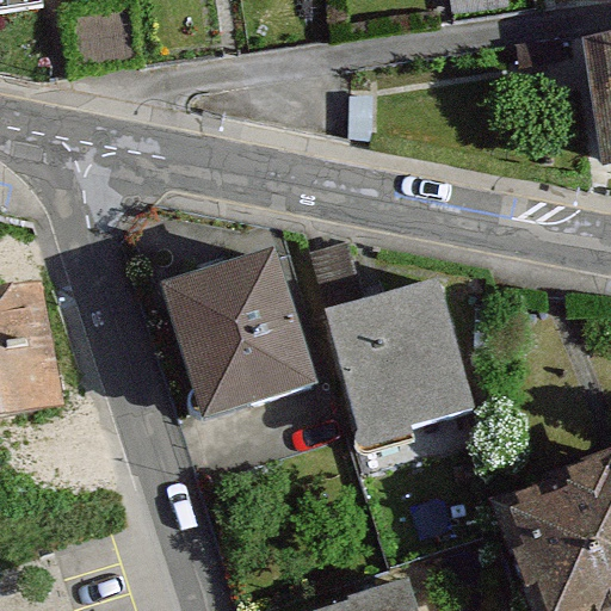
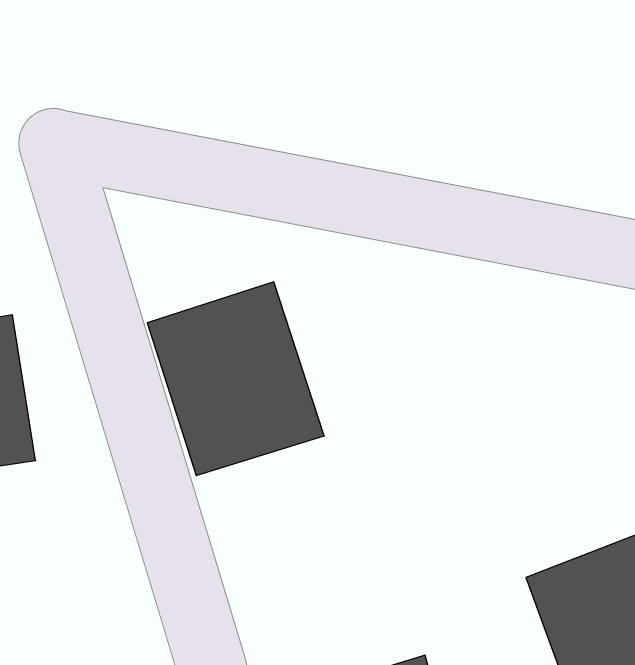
building: [328,276,473,439] -> none

